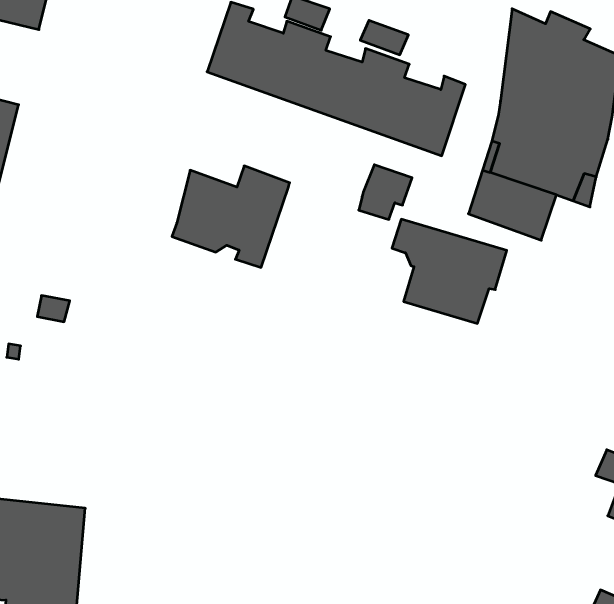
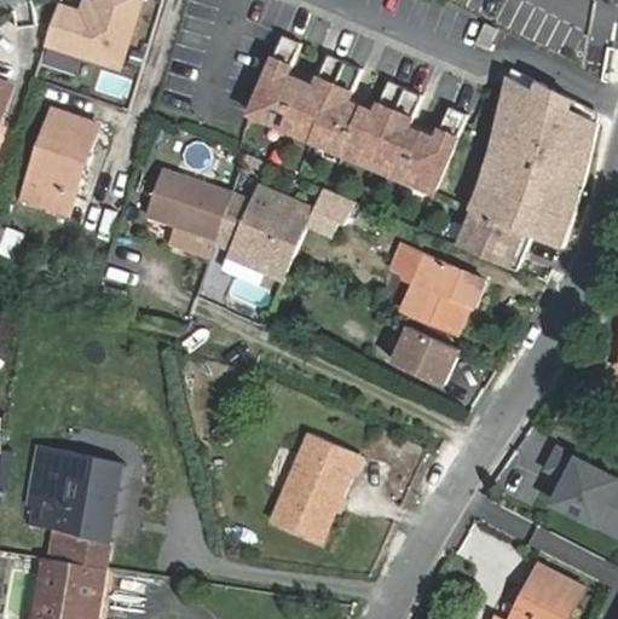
building: none -> [148,164,231,233]
building: [359,165,412,219] -> [306,186,352,232]
building: none -> [391,323,458,382]
building: none -> [267,436,359,545]

